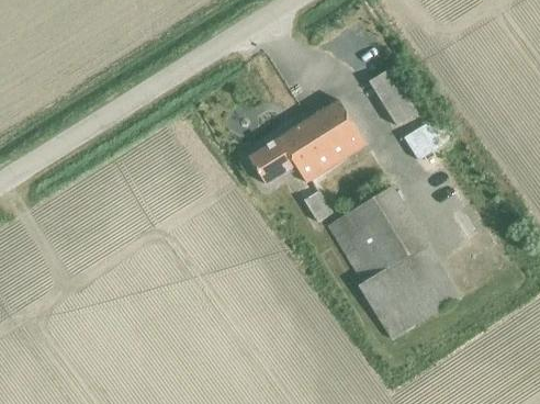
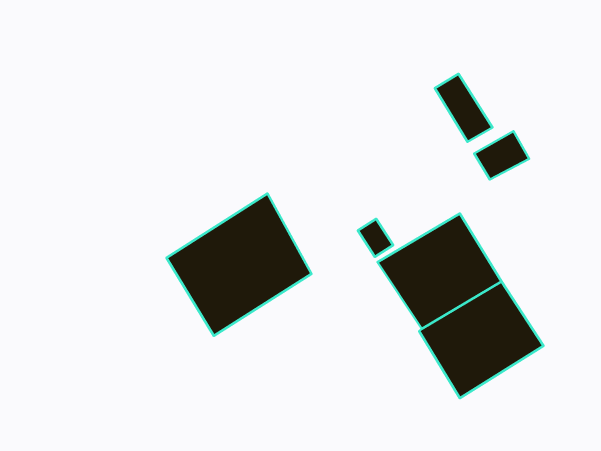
building: [248,99,367,183] -> none
building: none -> [167,194,312,336]

